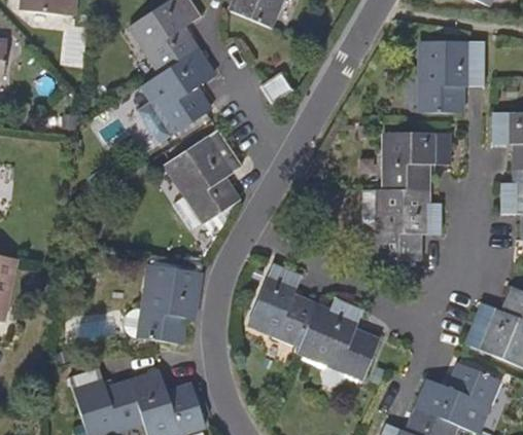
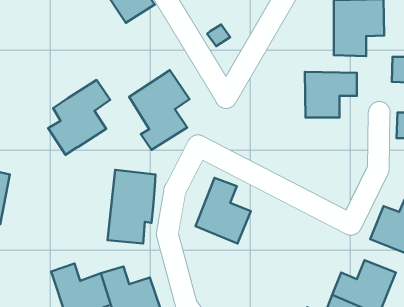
building: [137,48,214,141] -> [48,80,110,155]
building: [363,187,444,259] -> none
building: [299,296,378,386] -> none

